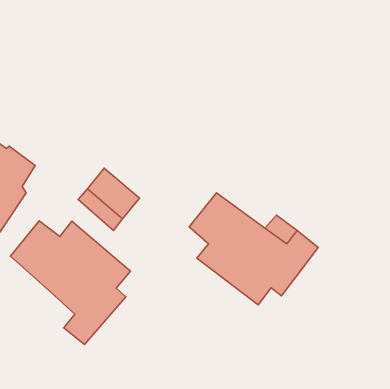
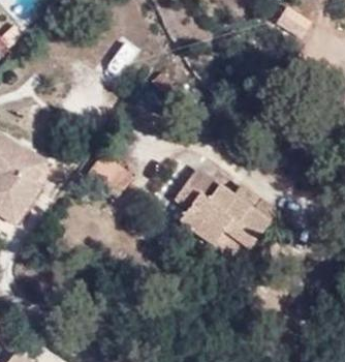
building: [10,221,130,345] -> none

